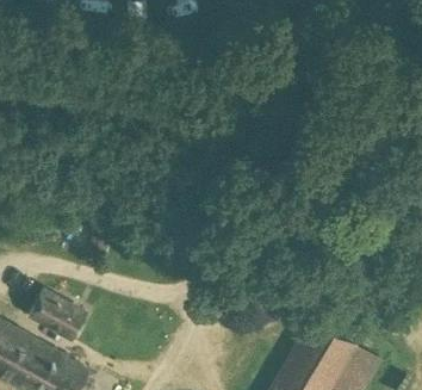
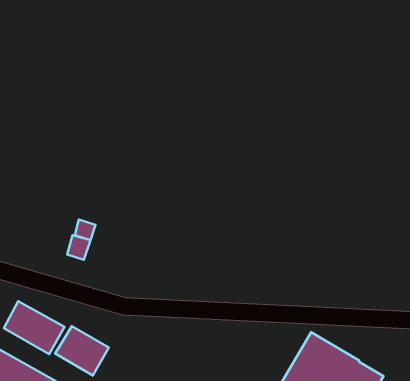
building: none -> [55,326,109,376]

